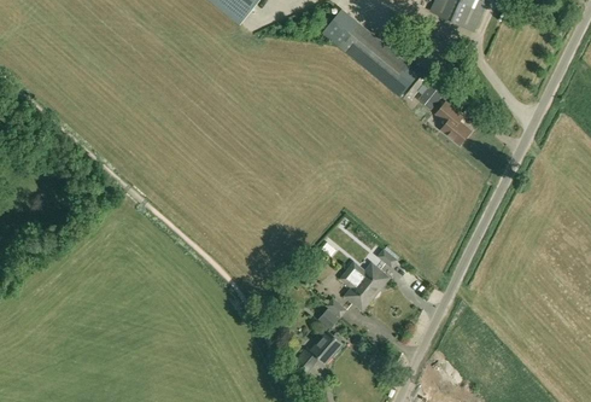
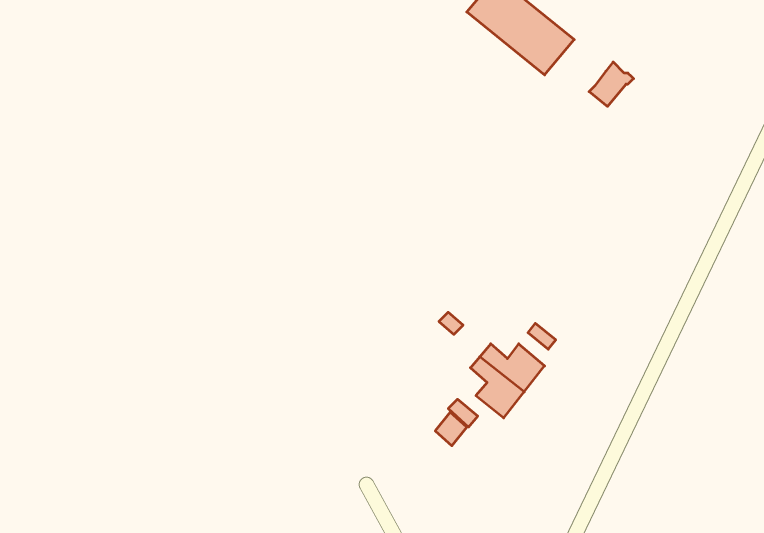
building: [435,101,469,144] -> none
building: [296,330,343,371] -> none

